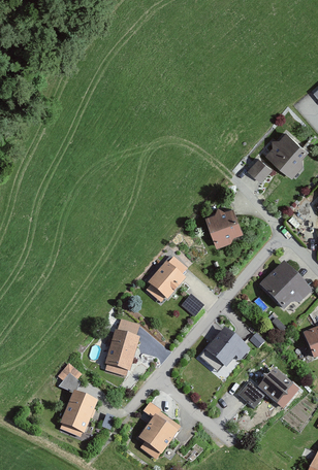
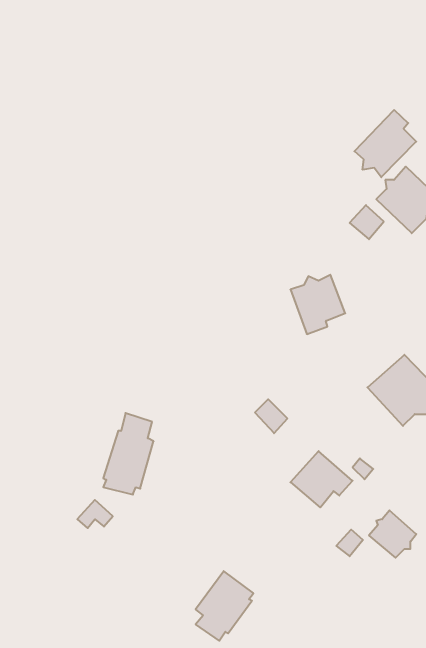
building: none -> [354,110,416,177]
building: [145,258,188,303] -> none
building: [104,320,139,376] -> [103,413,154,495]
building: [60,392,98,438] -> none

